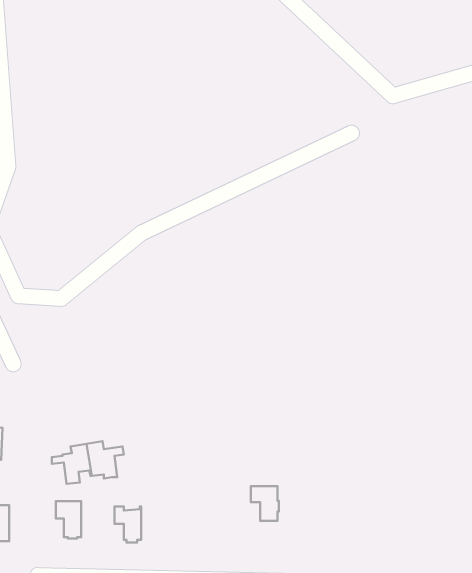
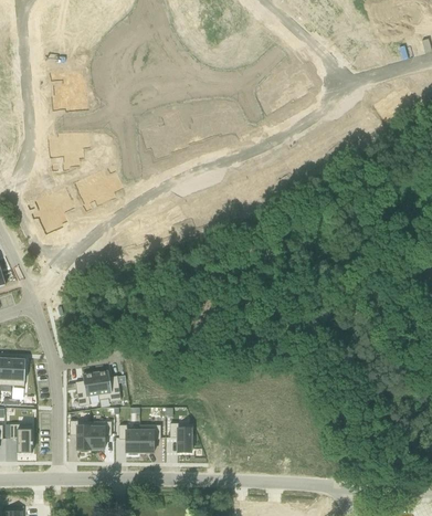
building: [251,486,279,521] -> [169,423,192,452]
building: none -> [91,421,110,449]
building: none -> [140,424,160,452]

